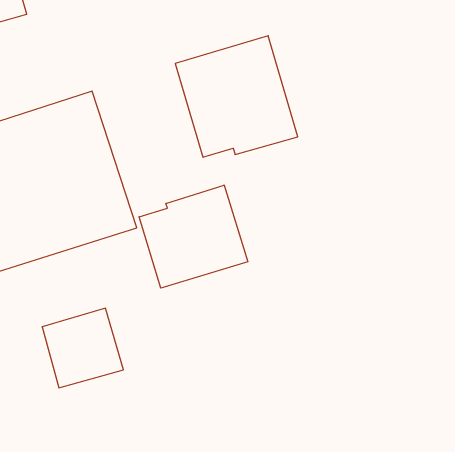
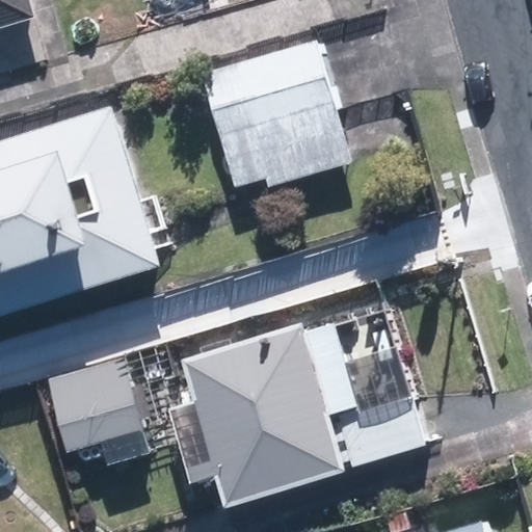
building: [139,185,248,288] -> none
building: none -> [184,324,356,508]

